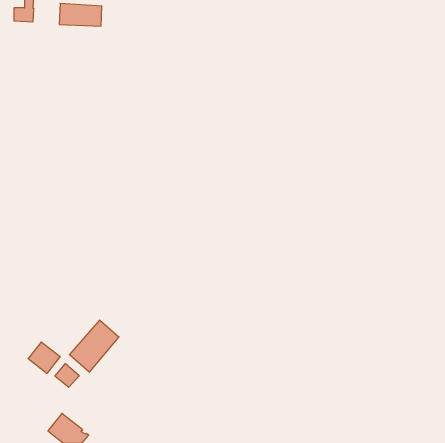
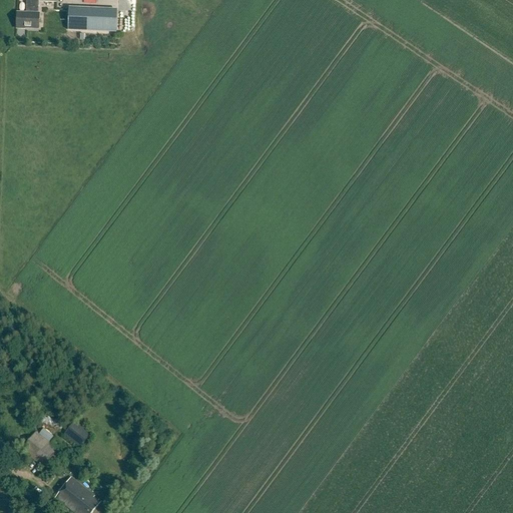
building: [69,320,119,372] -> none
building: [28,342,60,373] -> [21,429,58,465]

